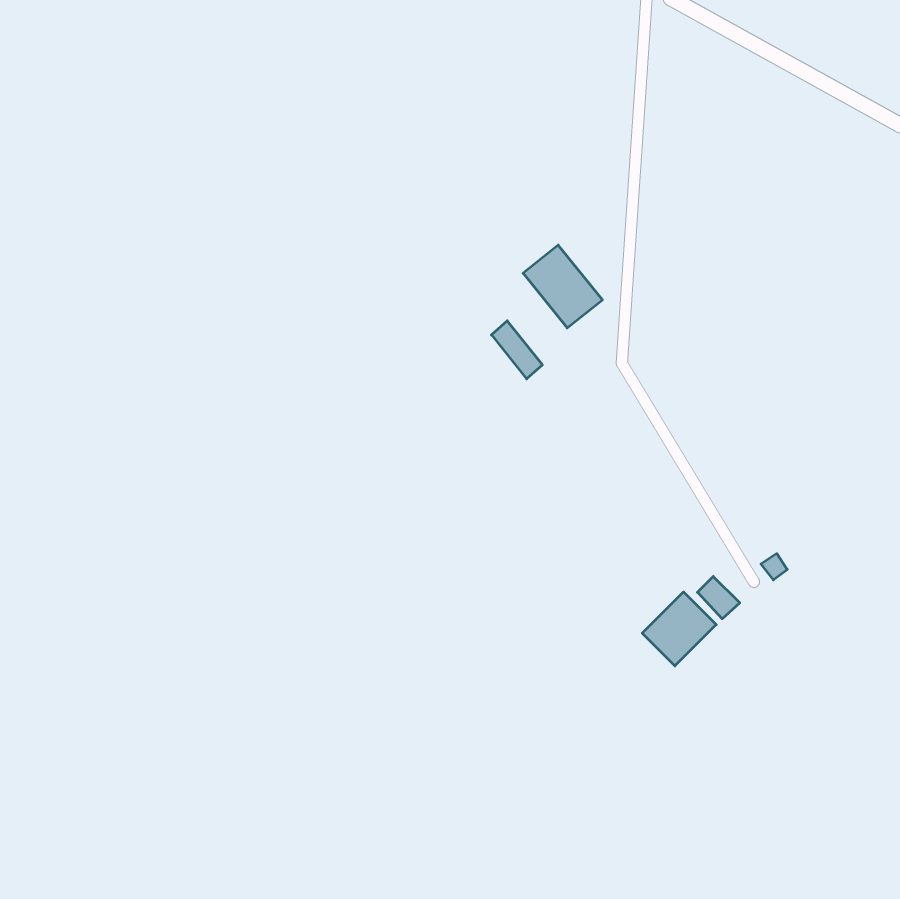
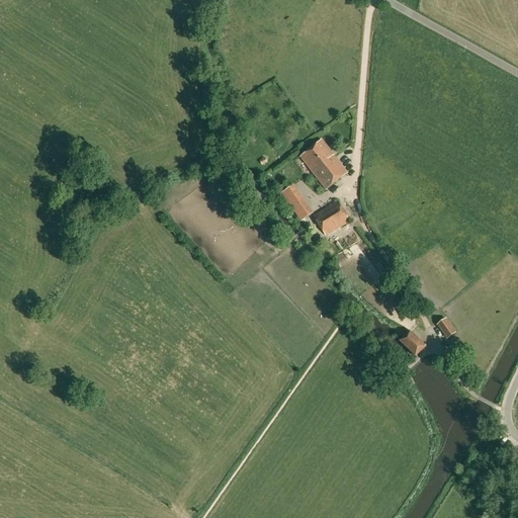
building: none -> [316,201,348,234]
building: [642,592,716,666] -> none

